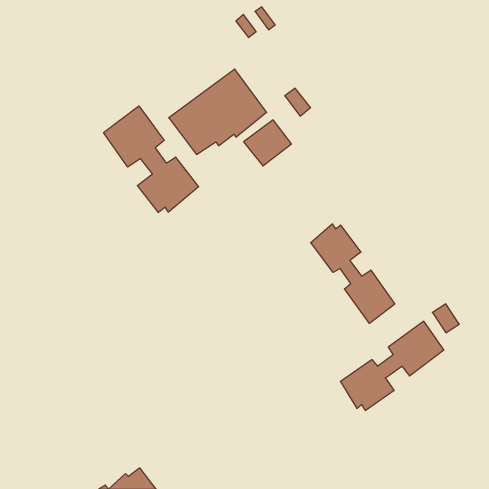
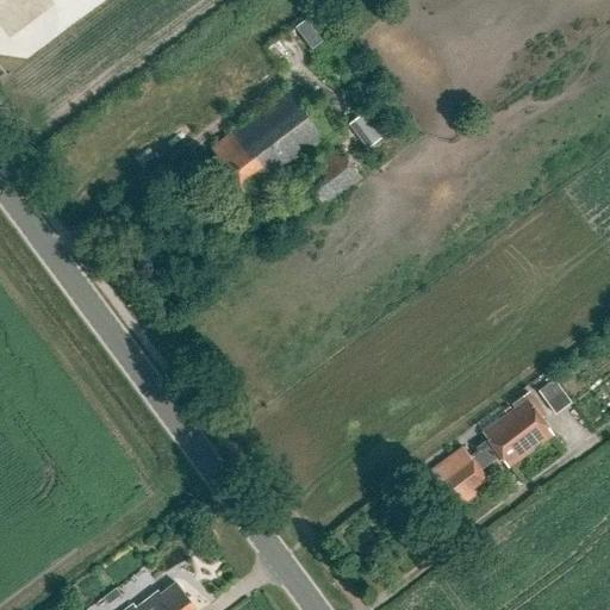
building: [104,106,199,213] -> none
building: [311,224,395,323] -> none

